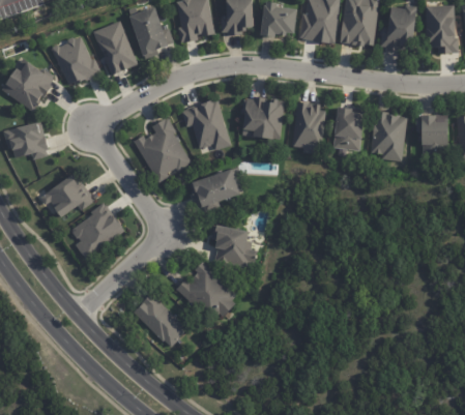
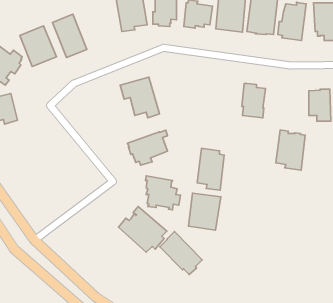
building: [126,7,173,56] -> none
building: [241,96,285,139] -> none
building: [292,101,326,154] -> [197,149,224,190]
building: [371,111,408,161] -> [276,130,305,170]
building: [135,117,193,182] -> none
building: [38,175,93,218] -> none
building: [70,204,125,256] -> none
building: none -> [188,193,221,230]
building: [133,293,186,348] -> [160,231,202,275]

